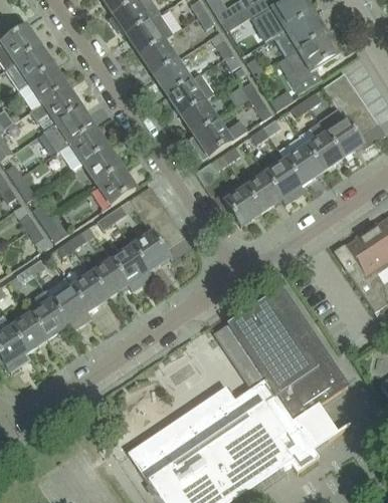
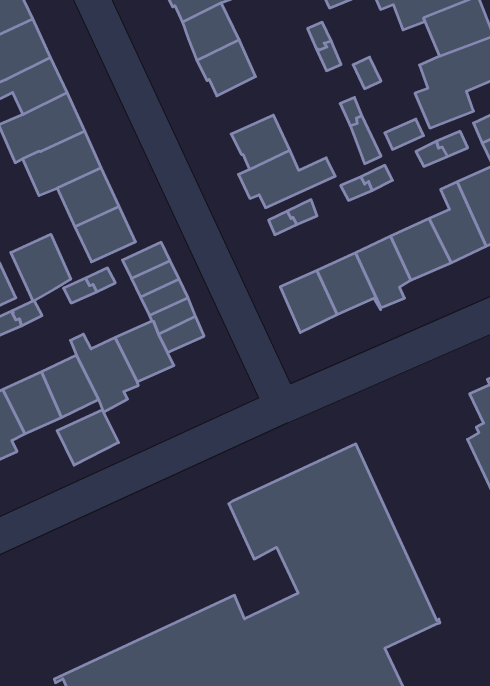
building: [169,72,214,114] -> none
building: none -> [11,234,71,301]
building: none -> [57,410,119,465]

